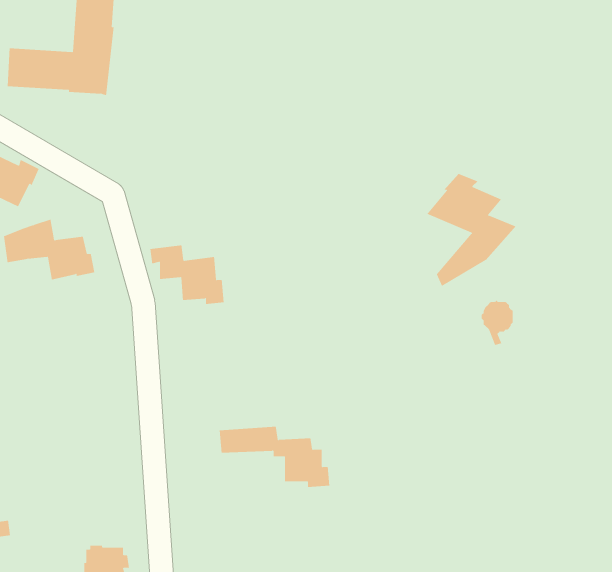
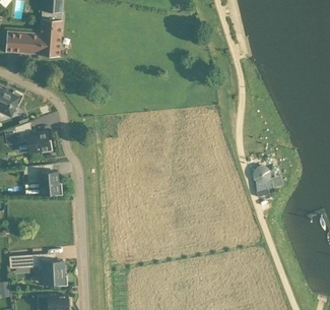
building: [426,173,517,287] -> none
building: [150,245,224,305] -> [23,165,63,196]
building: [219,426,330,488] -> [9,254,68,287]

